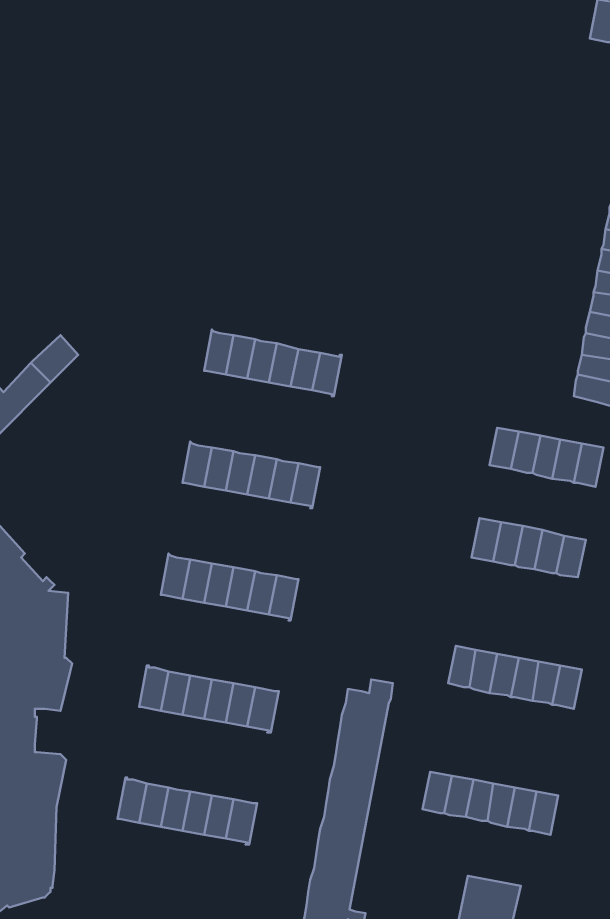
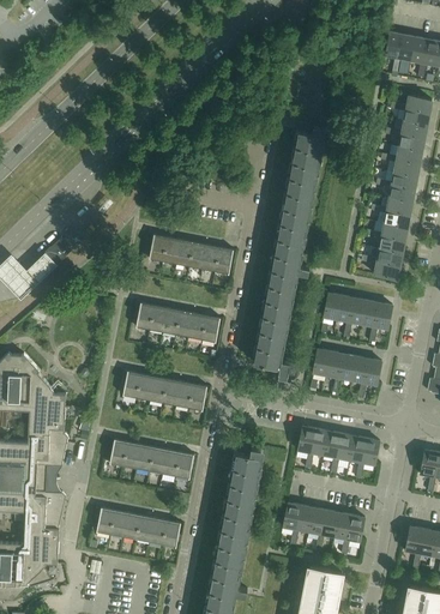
building: none -> [254,126,326,379]

